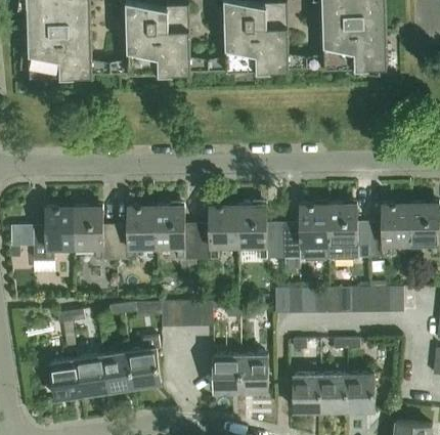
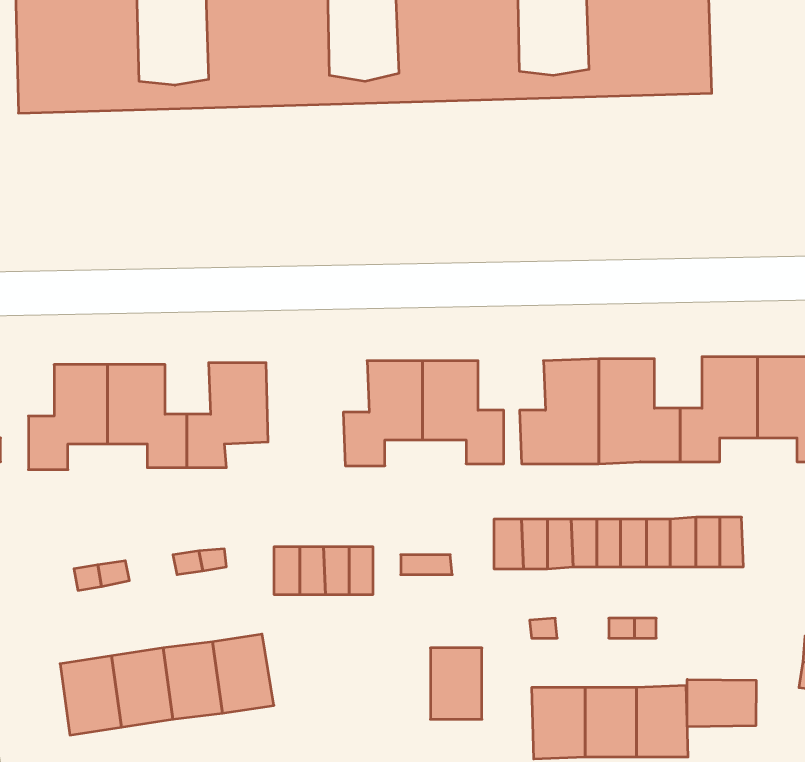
building: [156,207,196,260] -> none
building: [213,354,240,391] -> none
building: none -> [687,679,756,727]

